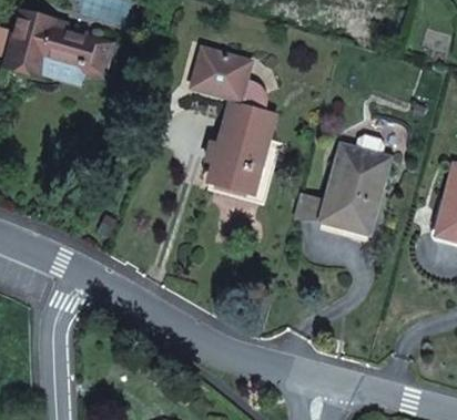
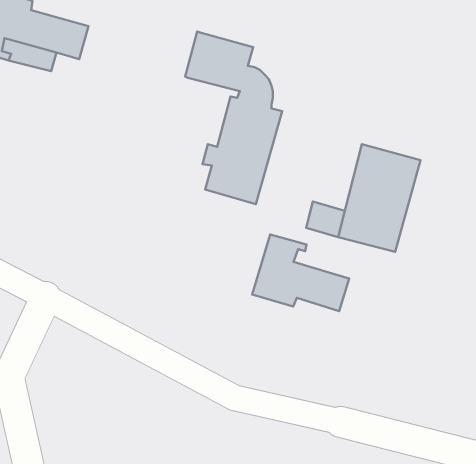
building: none -> [252,234,349,311]

